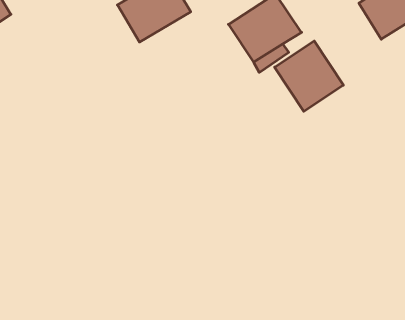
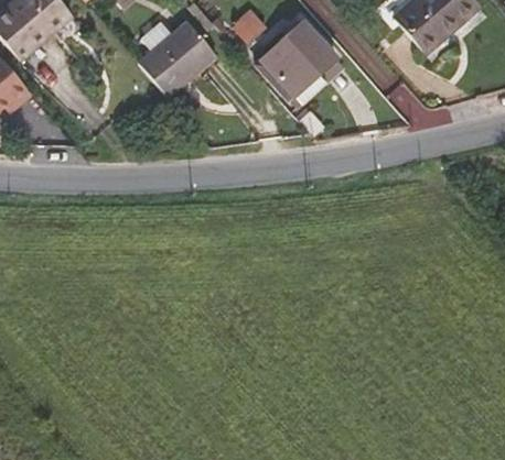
building: [275,41,343,111] -> none

